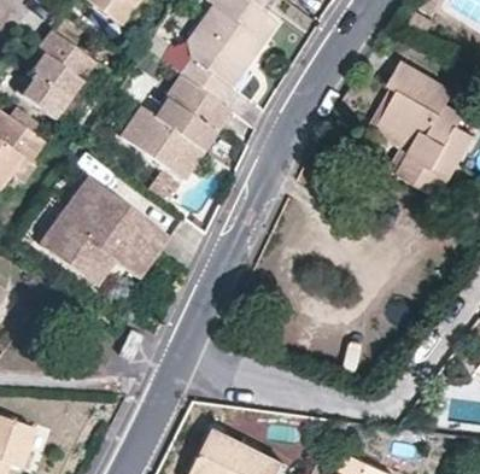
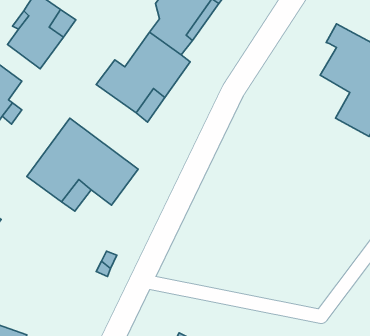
building: [369,87,417,175] -> none

